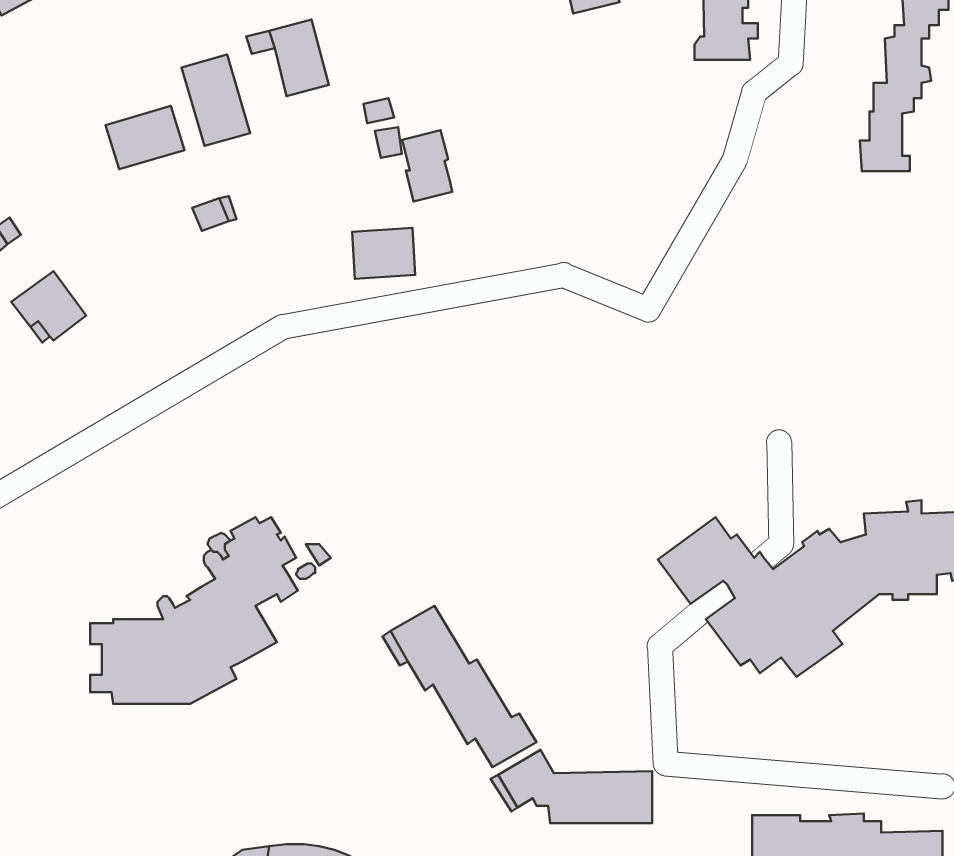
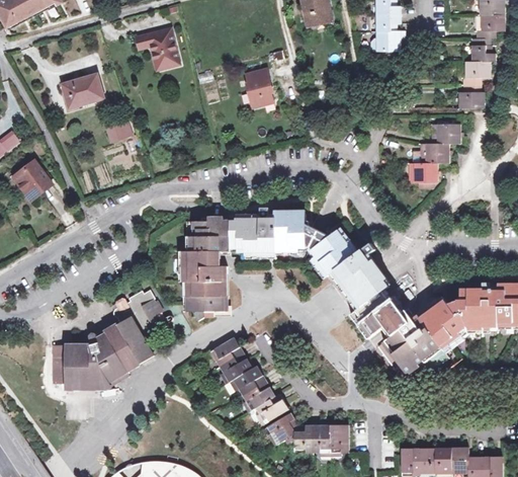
building: [182,55,250,146] -> none
building: [402,130,452,201] -> [246,69,272,106]
building: none -> [409,124,460,183]
building: [352,228,415,279] -> none
building: none -> [183,208,388,320]

